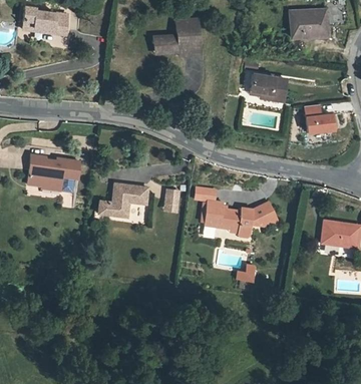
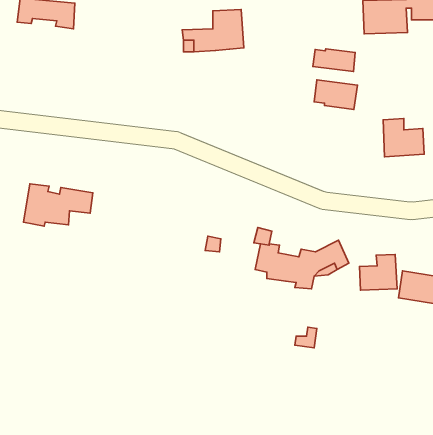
building: none -> [313,49,355,72]
building: [98,185,147,217] -> none
building: none -> [359,255,397,290]

